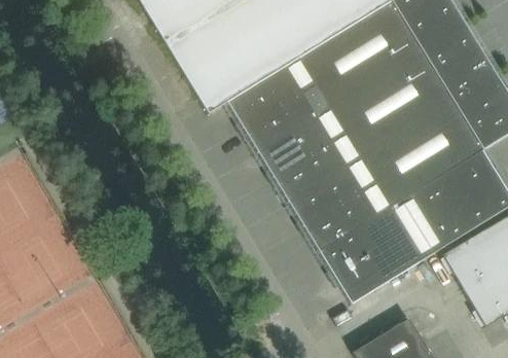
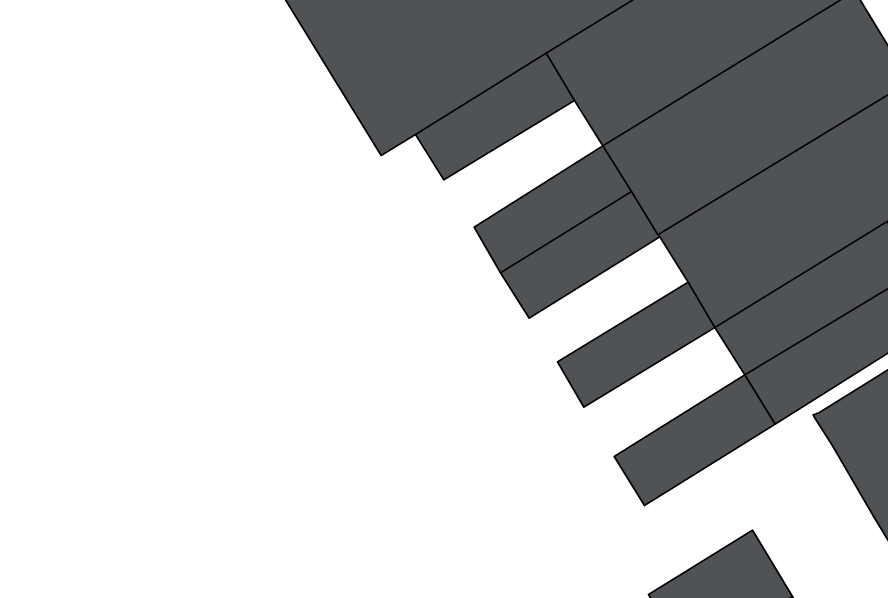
building: [244,83,330,152] -> none
building: [290,157,376,225] -> none
building: [320,207,407,277] -> none

